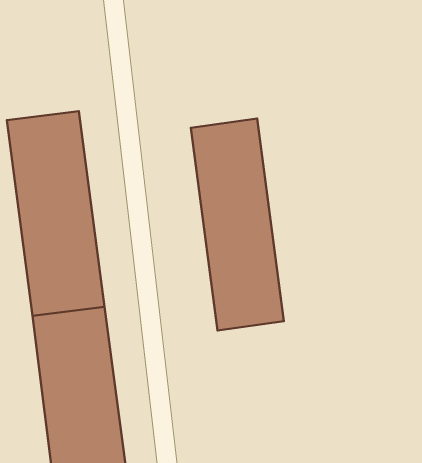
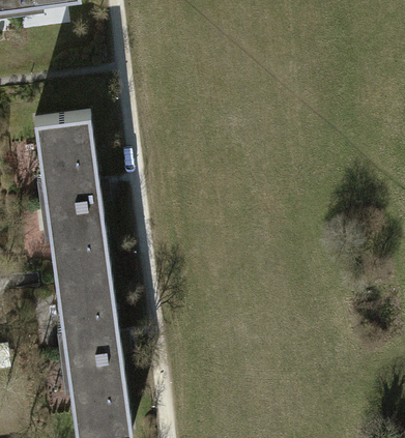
building: [191,119,284,330] -> none

